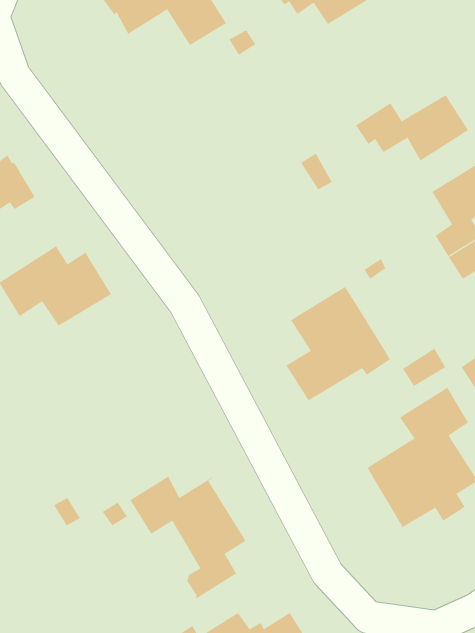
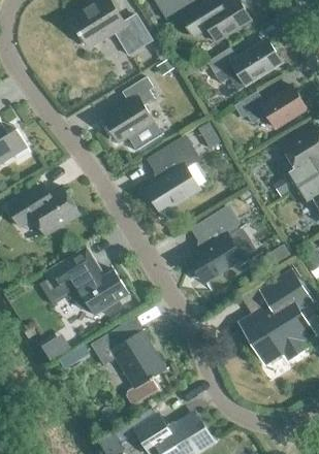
building: none -> [208,41,279,86]
building: none -> [103,77,162,151]
building: none -> [148,138,199,213]
building: none -> [40,247,129,318]

